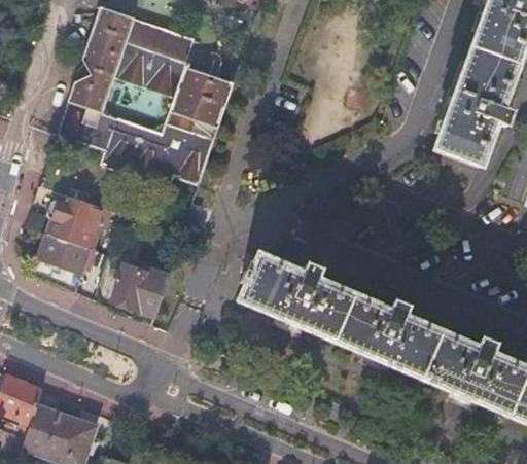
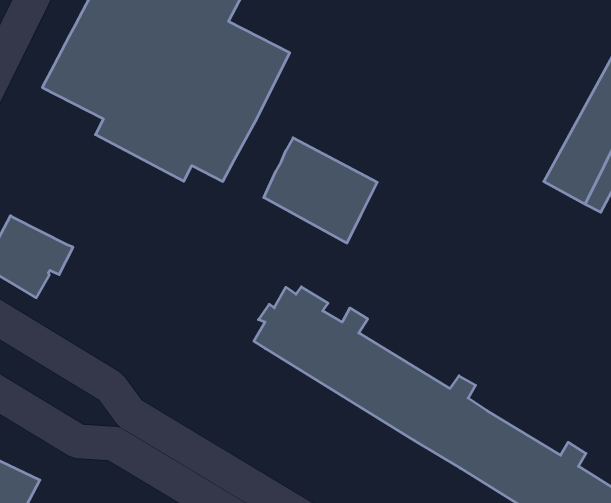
building: none -> [264,138,377,243]
building: [45,195,109,248] -> none
building: [111,264,169,315] -> none

